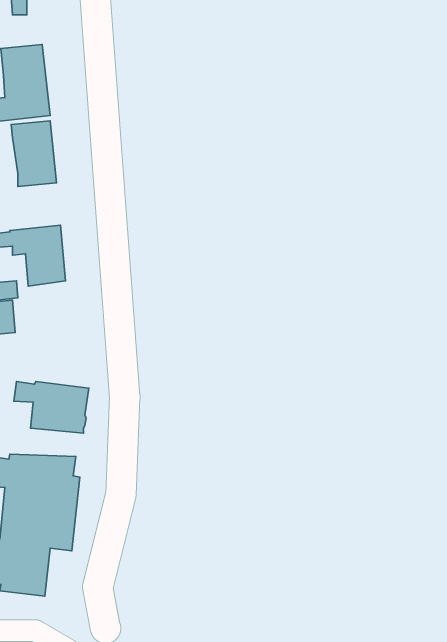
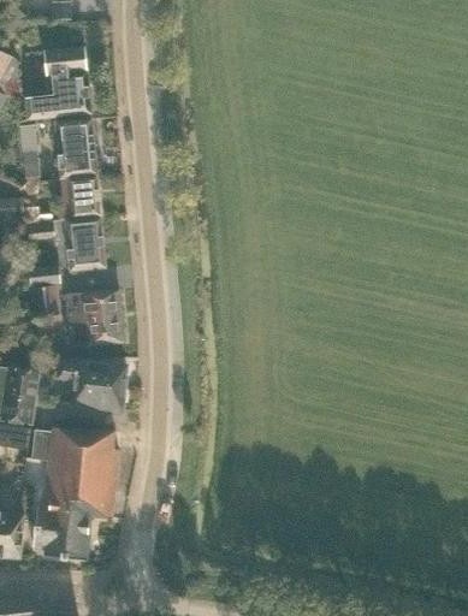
building: none -> [59,173,99,217]
building: none -> [63,288,122,344]

